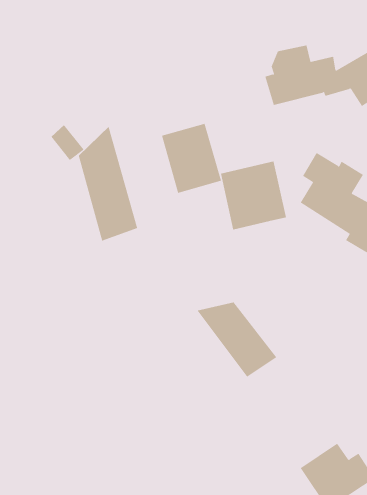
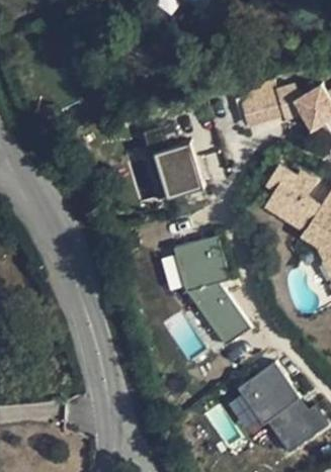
building: [78,126,138,242] -> none
building: [220,161,287,230] -> [173,237,227,292]
building: none -> [236,363,297,423]

